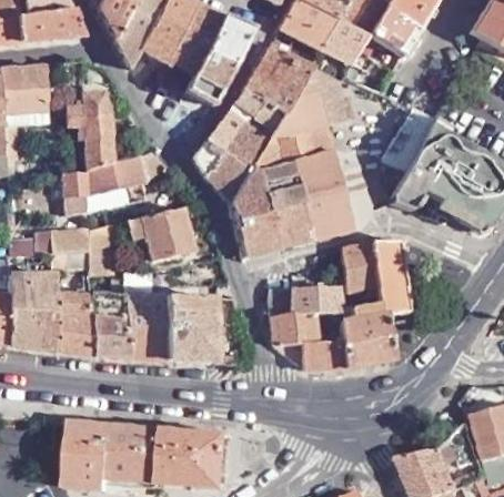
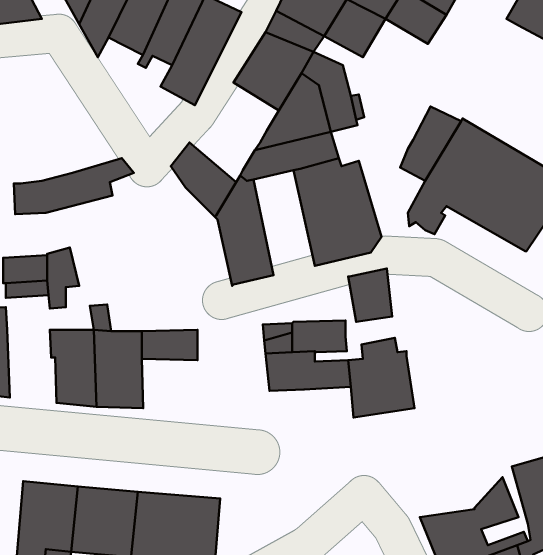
building: [208,89,282,172] -> none
building: [63,91,110,171] -> none
building: [261,162,312,250] -> none
building: [125,209,192,262] -> none
building: [372,241,412,317] -> none
building: [56,295,97,356] -> none
building: [168,320,215,364] -> none
building: [303,343,344,371] -> none

